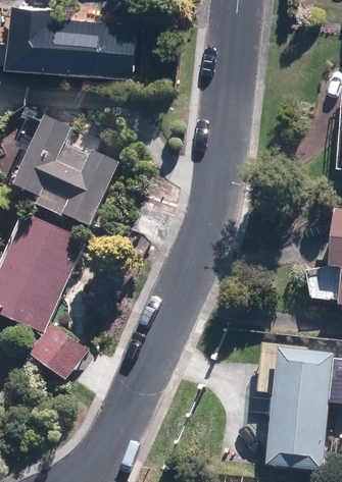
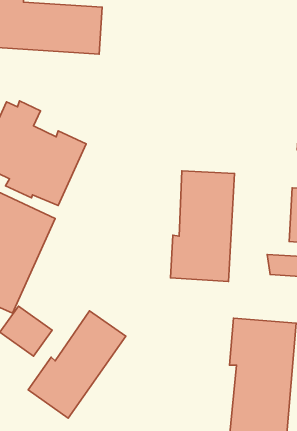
building: none -> [171,171,234,281]
building: none -> [28,311,126,418]

